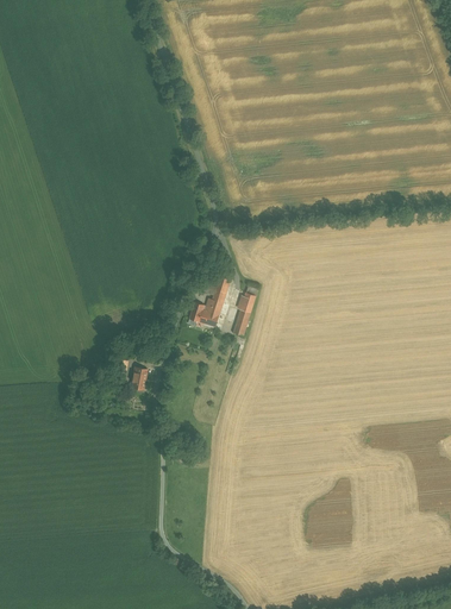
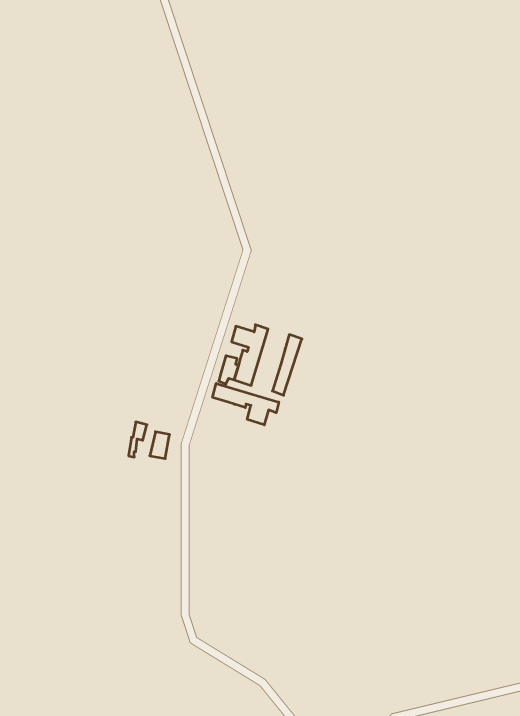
building: none -> [213,383,279,425]

